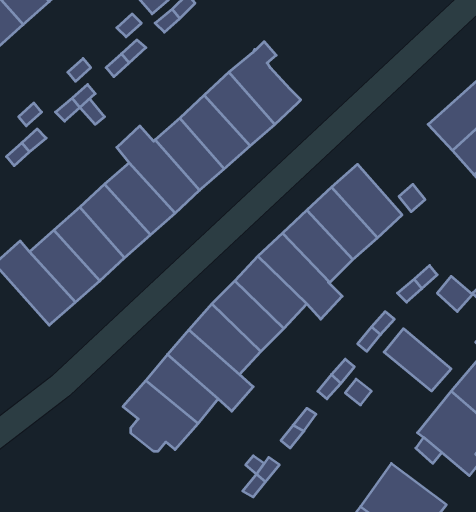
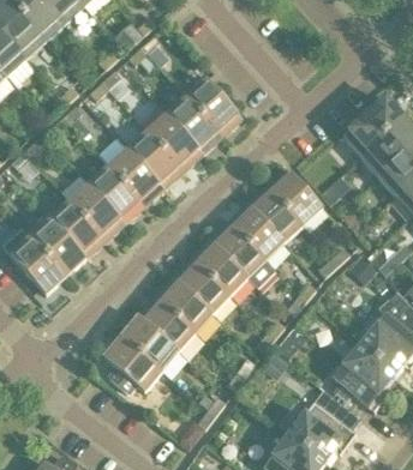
building: [384,329,451,391] -> none

